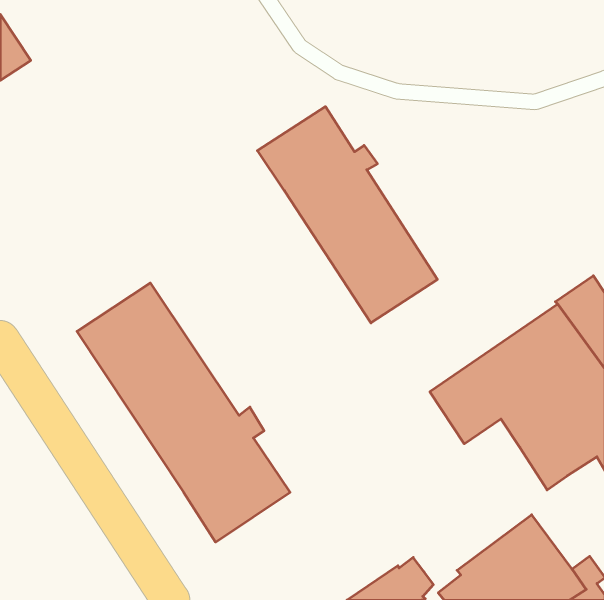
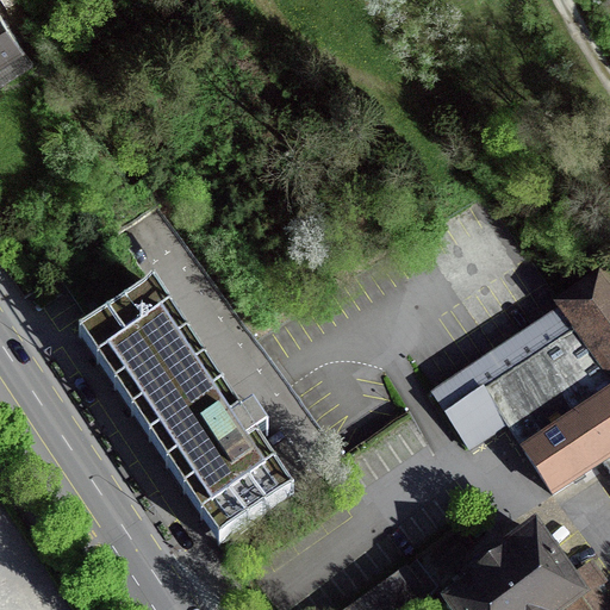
building: [257,107,437,323] -> none

